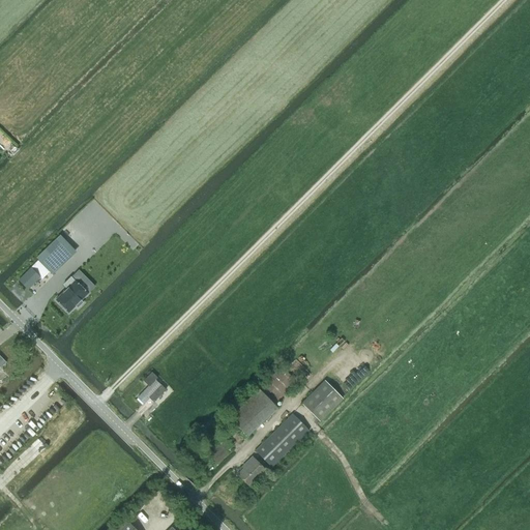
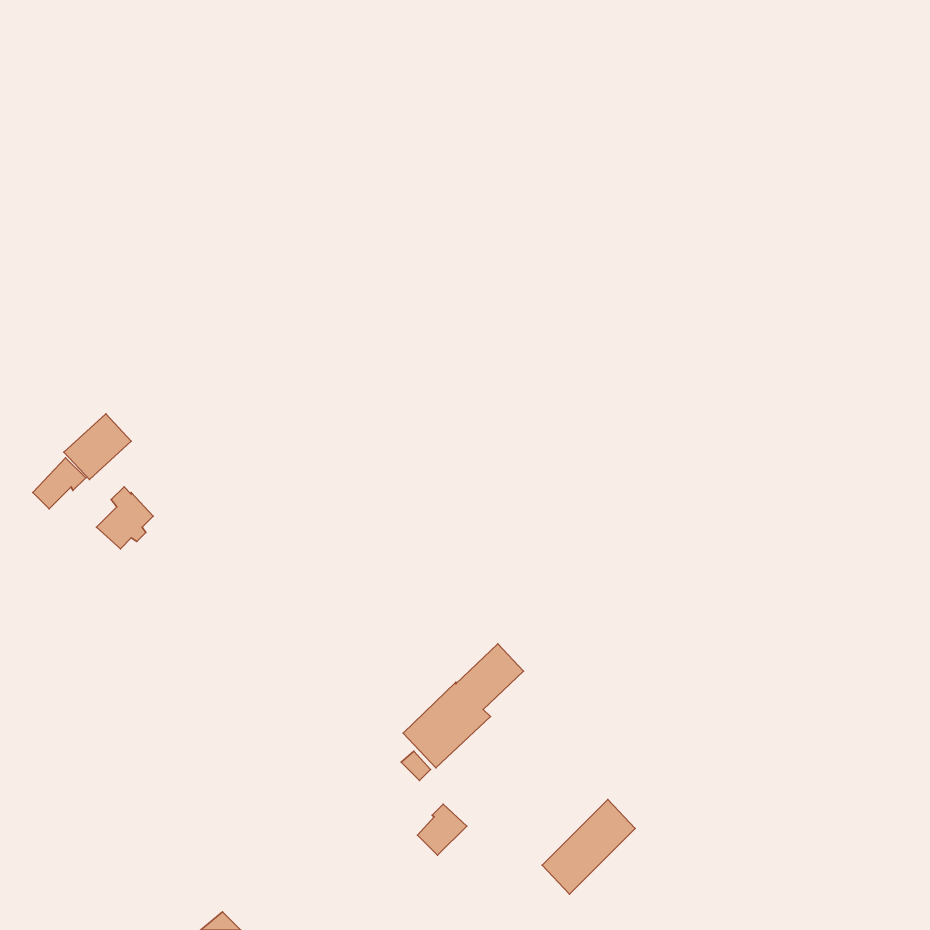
building: [138,372,166,403] -> none
building: [302,380,344,420] -> none
building: [257,413,310,467] -> [542,799,635,894]

